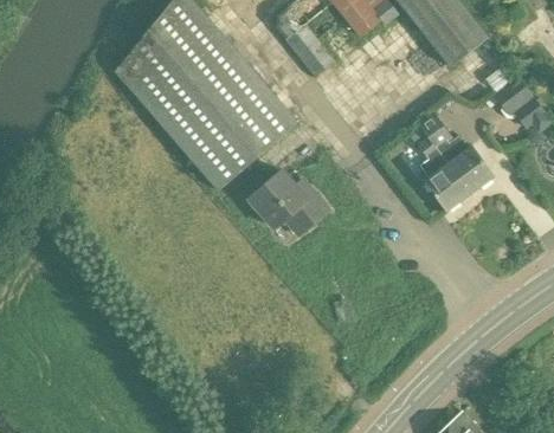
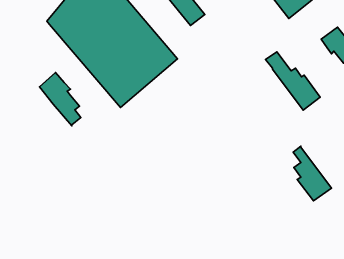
building: [417,135,470,211] -> [293,146,331,201]
building: none -> [39,73,81,126]
building: [249,168,328,233] -> none

